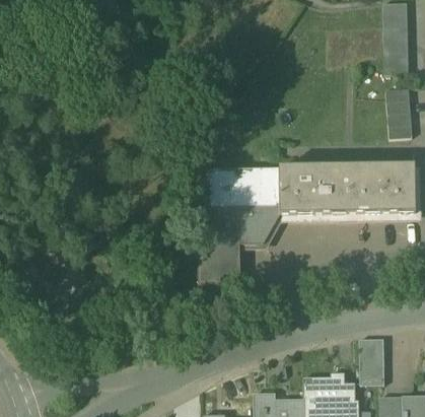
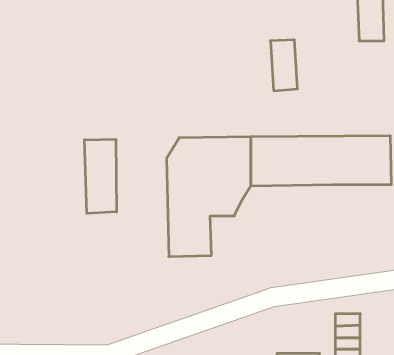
building: [385,88,412,138] -> [270,40,298,91]
building: none -> [85,139,117,213]

